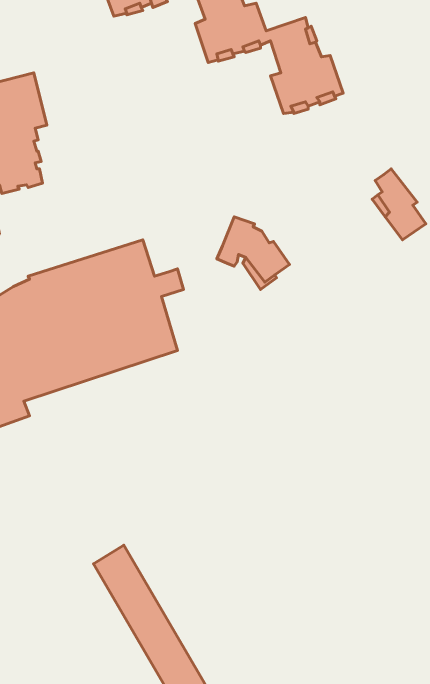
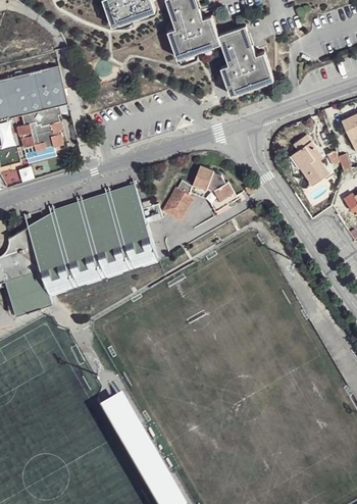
building: none -> [161,181,192,221]

